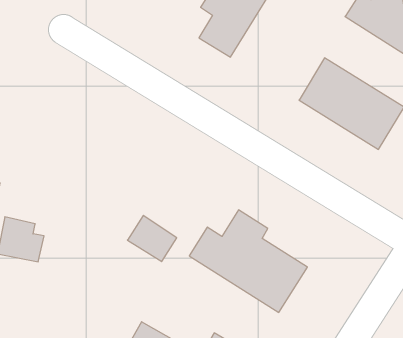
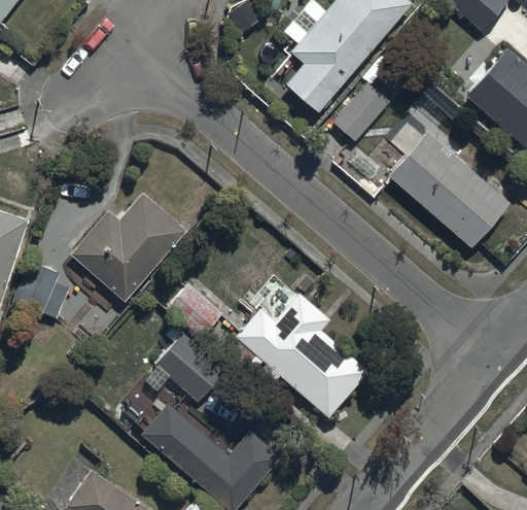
building: none -> [330,82,388,142]
building: none -> [70,193,185,301]
building: none -> [154,334,224,402]

